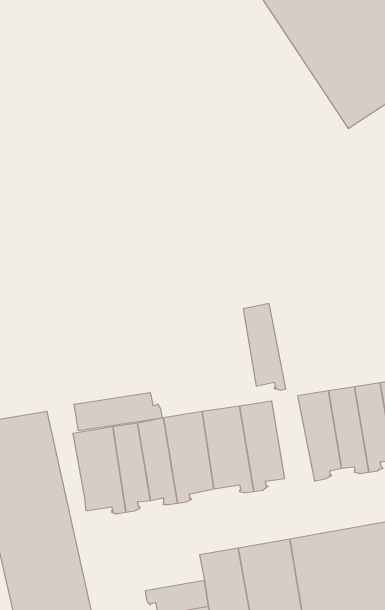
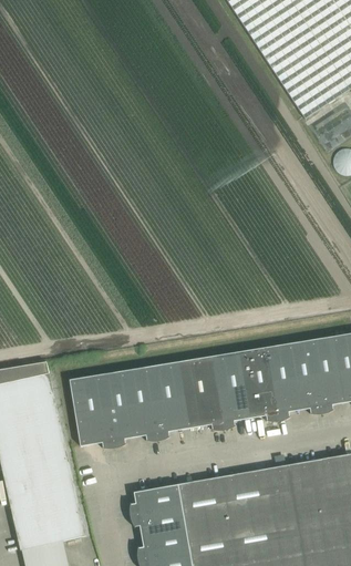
building: [243,304,286,390] -> [239,348,276,422]
building: [74,393,162,431] -> none
building: none -> [130,484,182,515]

